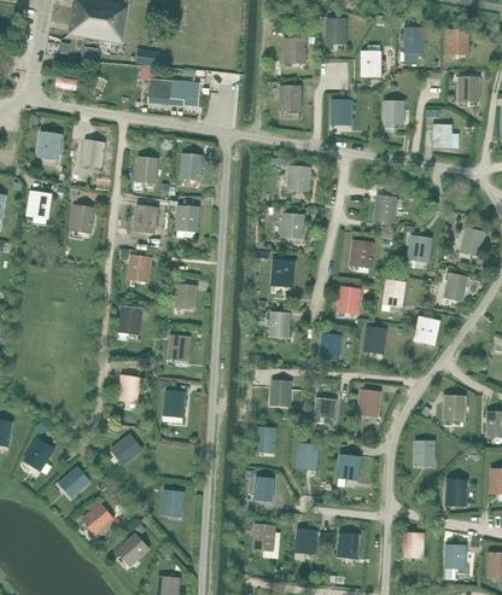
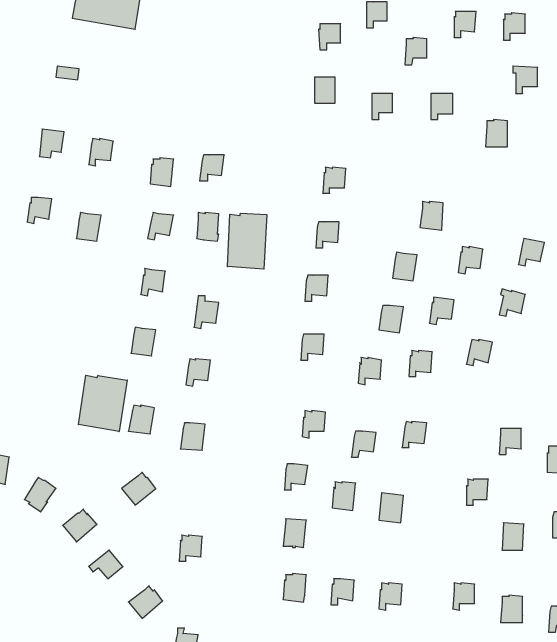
building: [148,78,199,107] -> none
building: none -> [227,213,267,269]
building: none -> [78,375,127,432]

